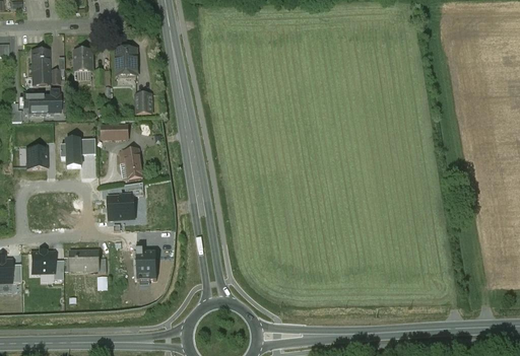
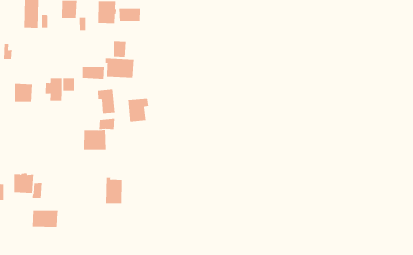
building: none -> [119,8,140,22]
building: [21,90,60,115] -> none
building: none -> [105,57,134,79]
building: none -> [128,98,149,122]
building: [69,250,99,270] -> [32,210,58,227]

